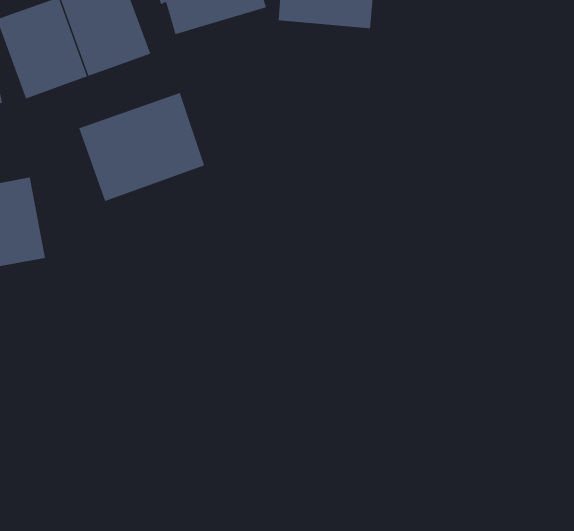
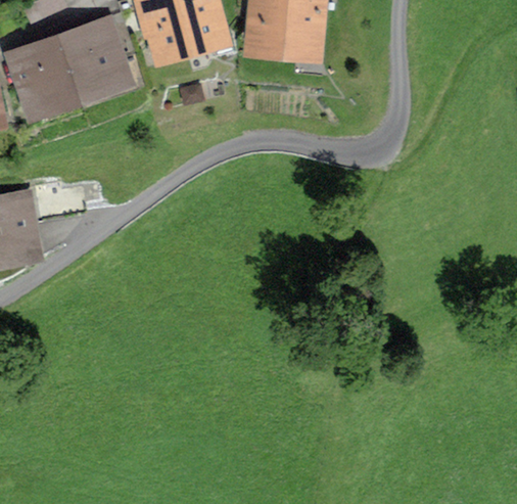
building: [78,92,205,202] -> none

